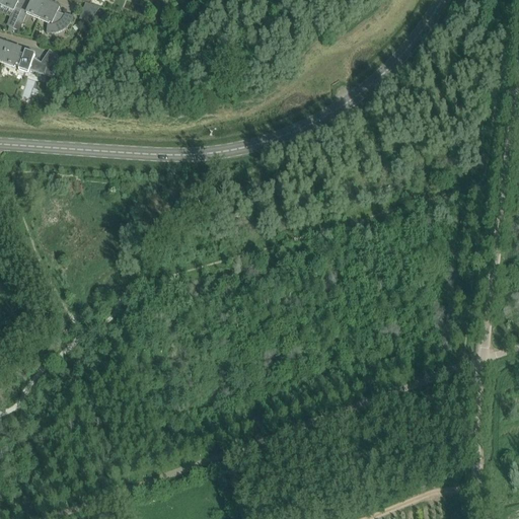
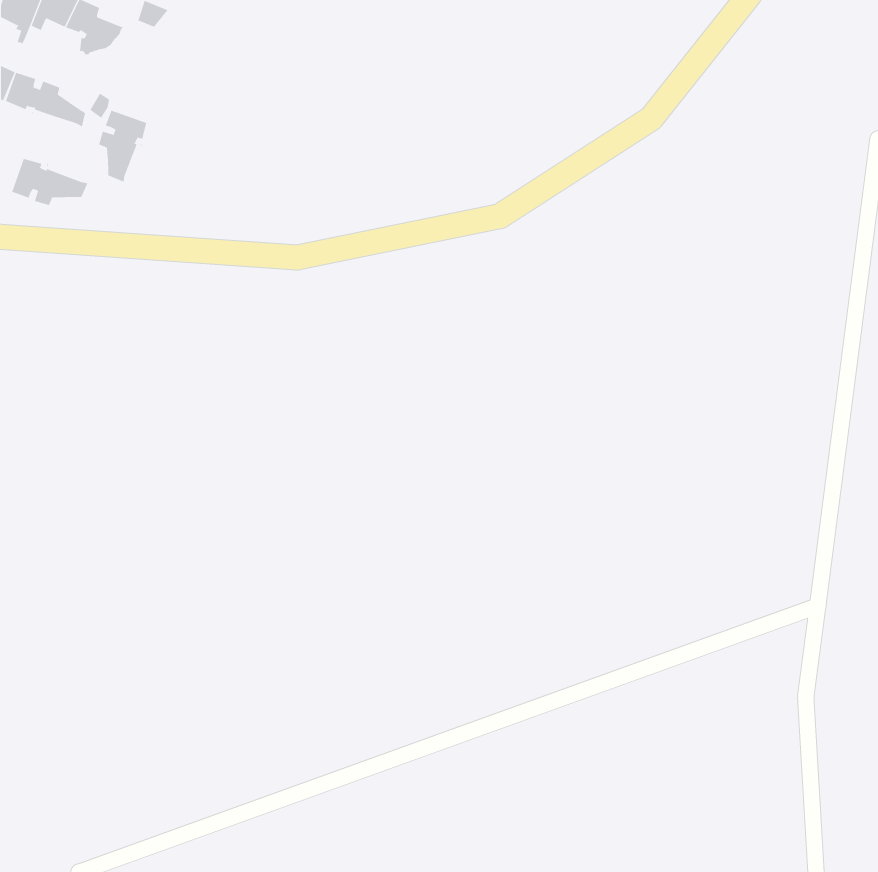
building: none -> [99,110,147,183]
building: none -> [12,158,88,206]

